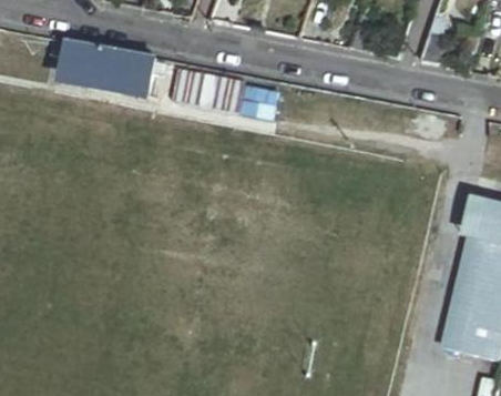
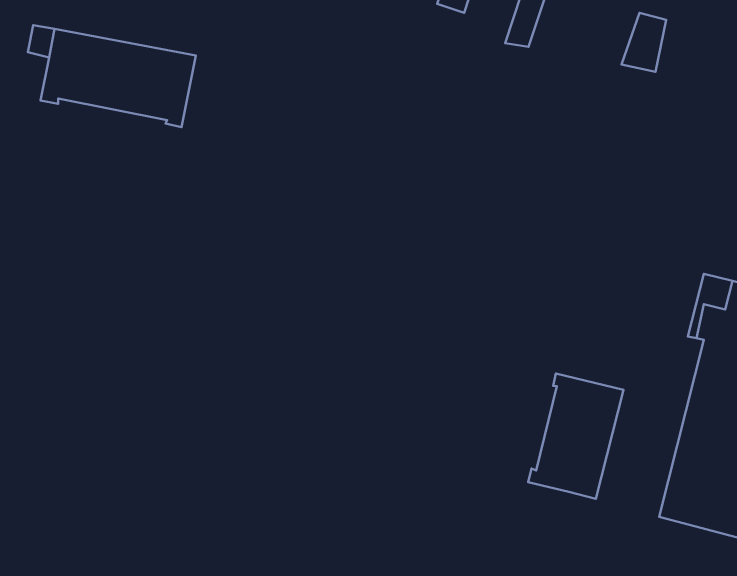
building: none -> [528,373,623,499]

